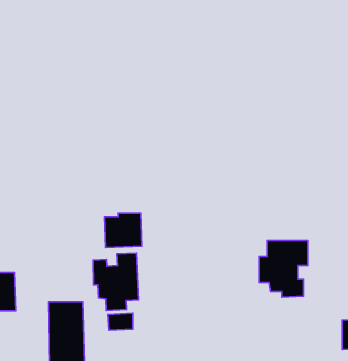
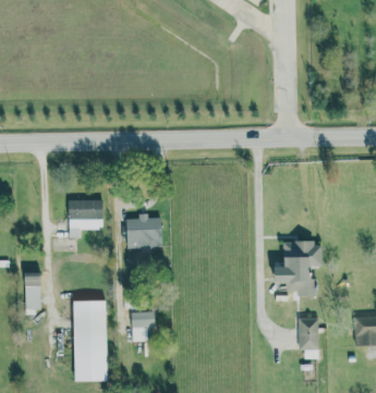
building: none -> [69,199,104,237]
building: [93,253,139,310] -> none
building: none -> [298,318,319,349]

